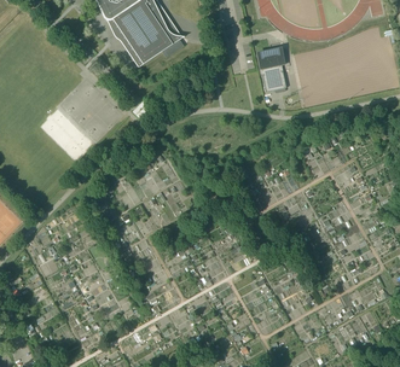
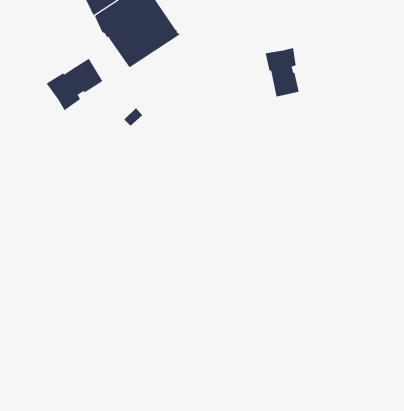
building: none -> [46,58,103,111]

